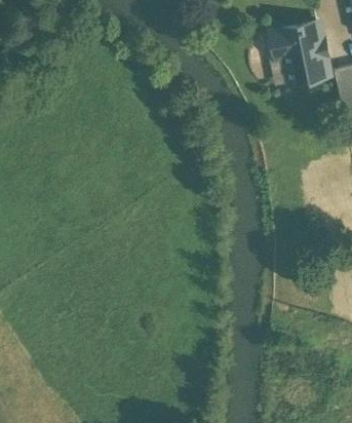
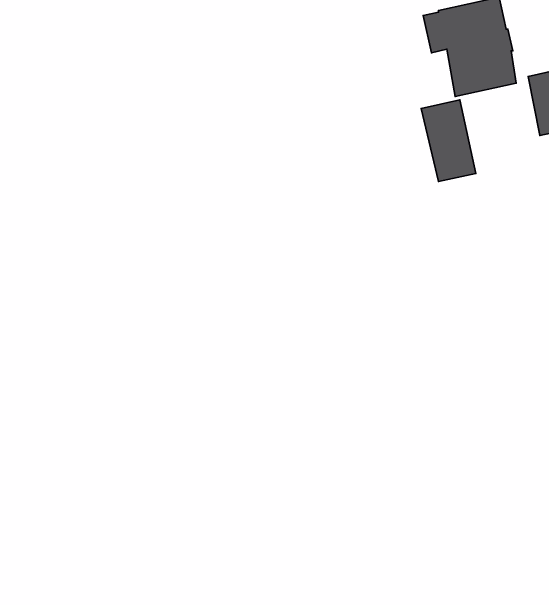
building: none -> [421,100,476,182]

